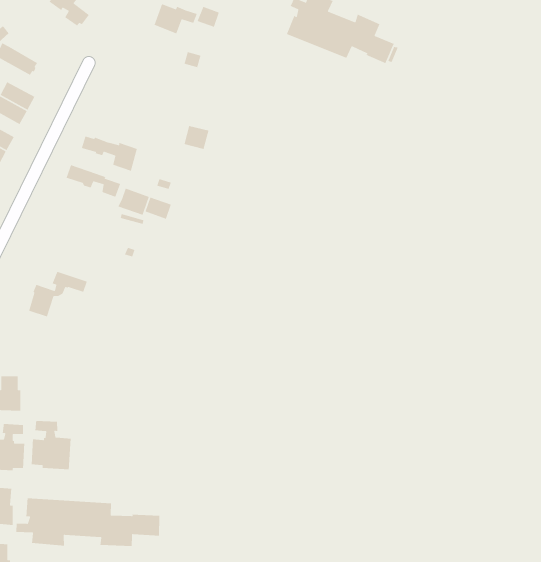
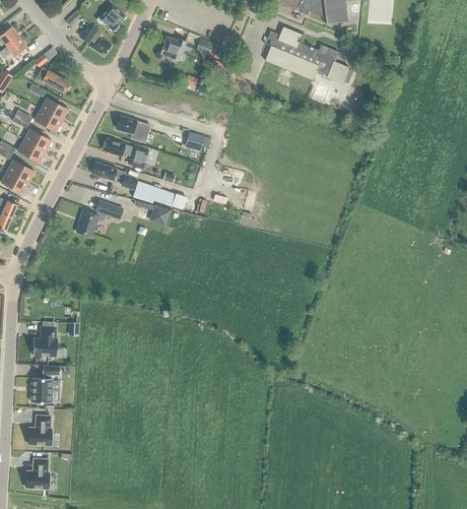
building: none -> [117,116,150,142]
building: [28,271,88,318] -> [76,200,123,237]
building: [31,420,71,470] -> none
building: [14,498,160,547] -> none

